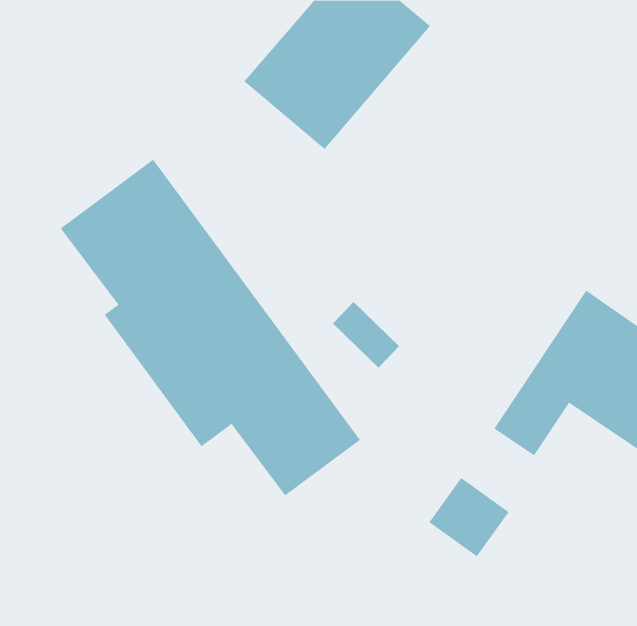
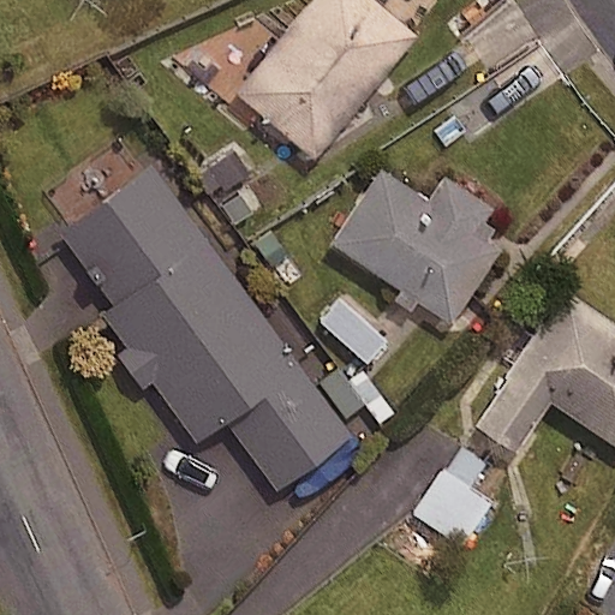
building: none -> [333,169,503,324]

